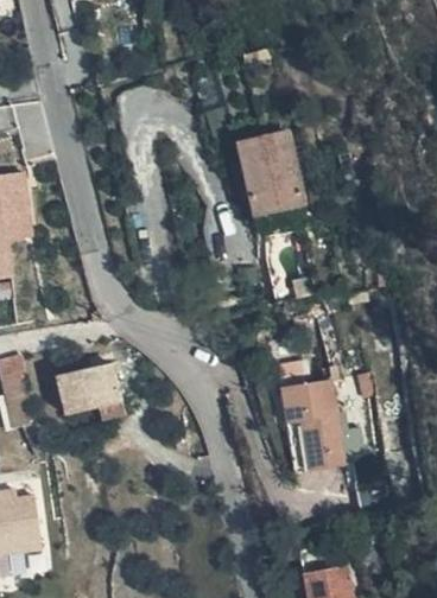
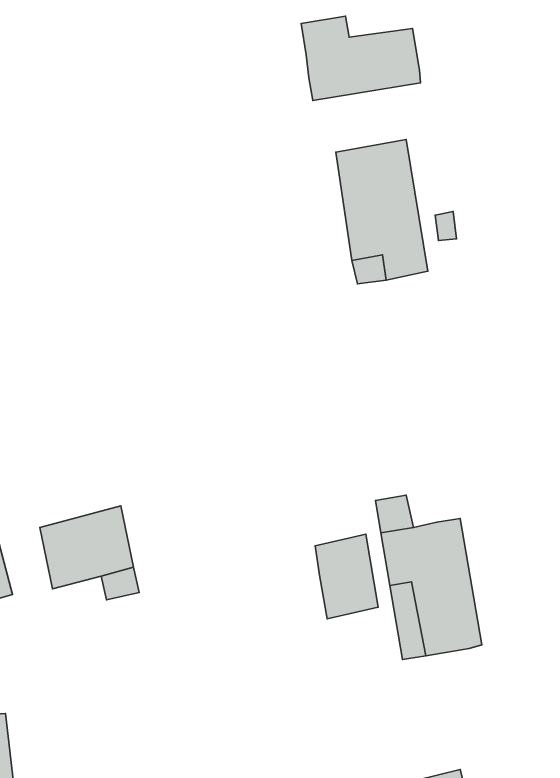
building: none -> [301,16,420,100]
building: none -> [315,534,378,619]

